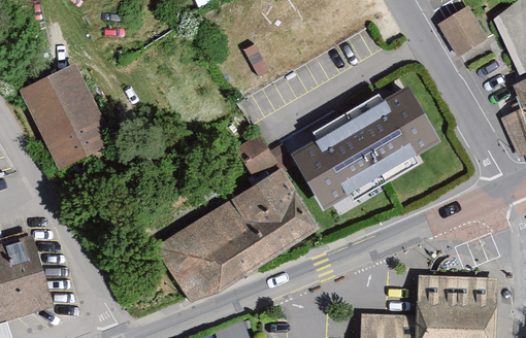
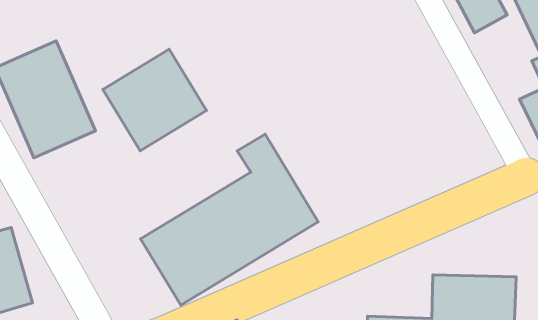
building: none -> [103,49,206,151]
building: [288,75,437,203] -> none

